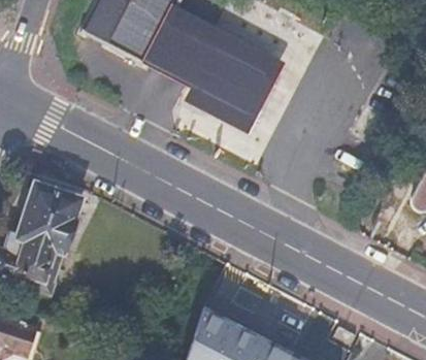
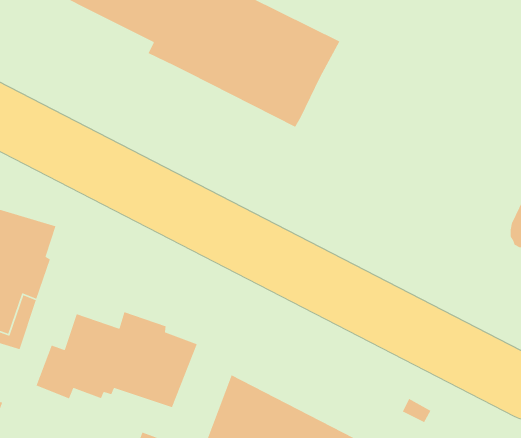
building: none -> [35,311,198,408]

